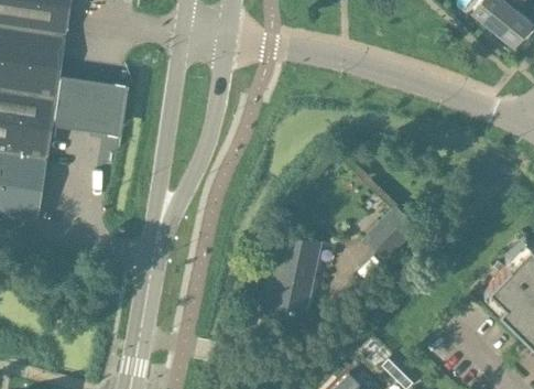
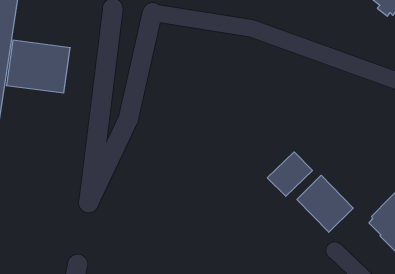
building: [268,236,320,314] -> none
building: none -> [297,175,353,232]

